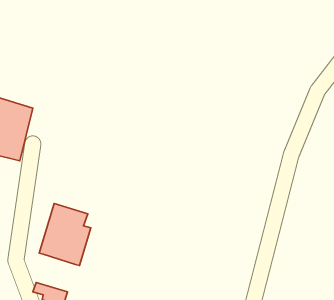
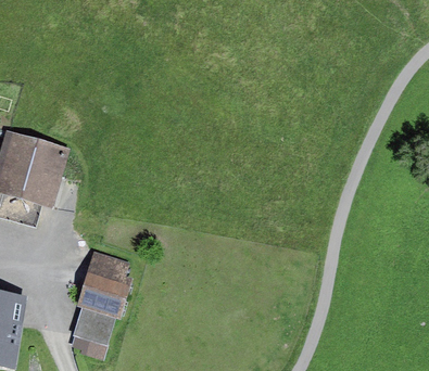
building: none -> [72,306,115,346]

